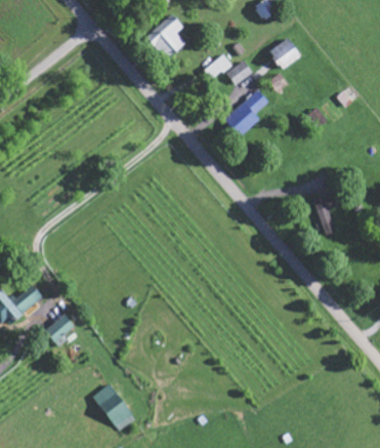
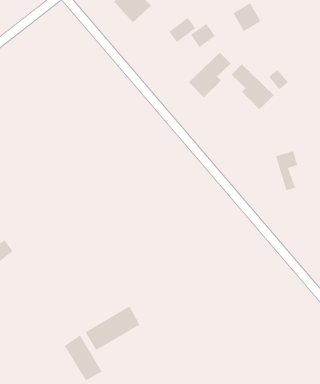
building: none -> [231,64,275,110]
building: [45,316,77,347] -> none
building: none -> [85,305,140,351]

